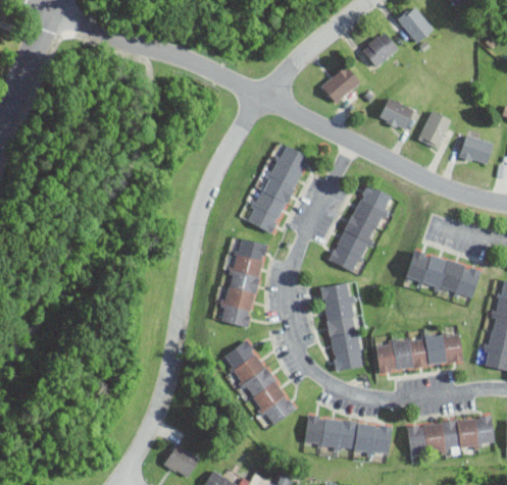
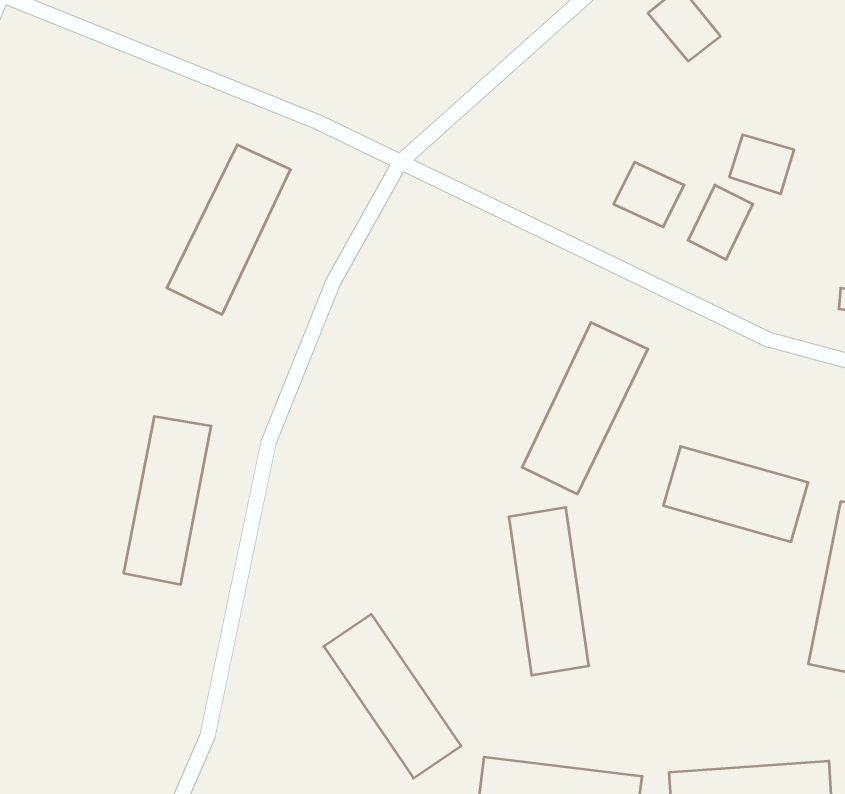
building: [360,31,399,68] -> none
building: [320,65,361,105] -> none
building: [459,134,494,166] -> [729,135,794,194]
building: [244,144,310,234] -> [167,145,291,314]
building: [219,238,266,328] -> [124,417,211,584]
building: [374,330,464,373] -> none

